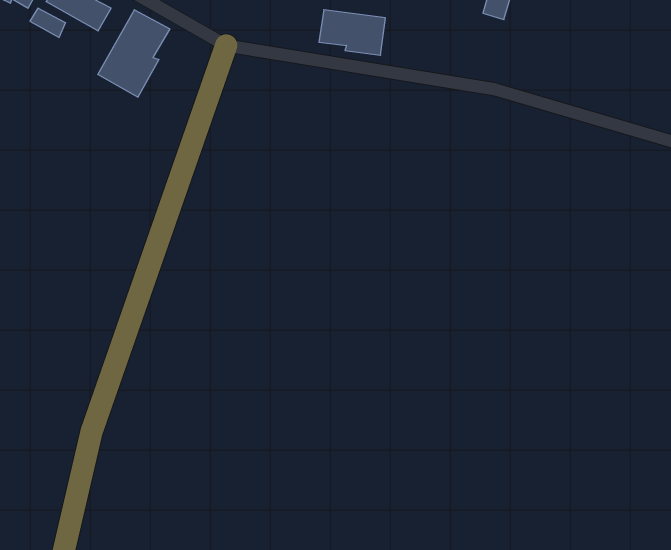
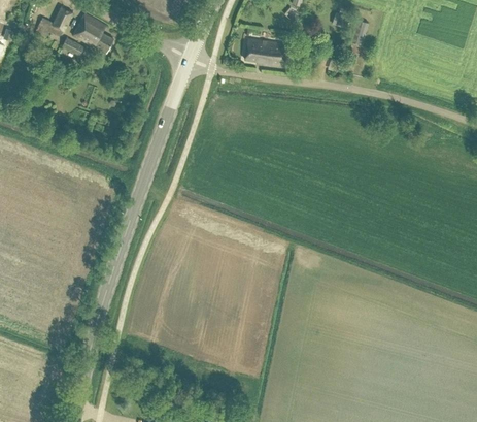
building: [98,10,170,97] -> none

